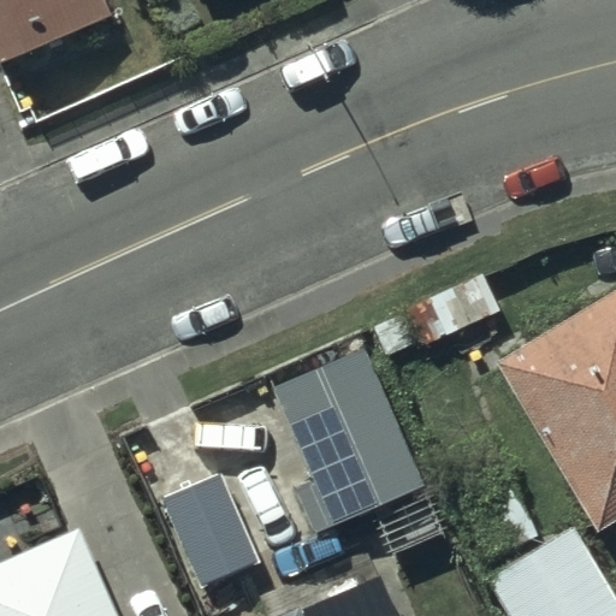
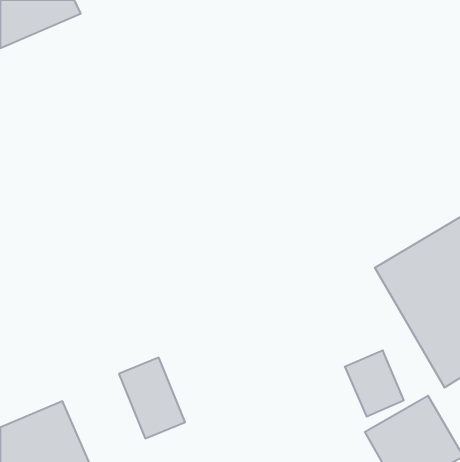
building: [273,353,408,519] -> none

